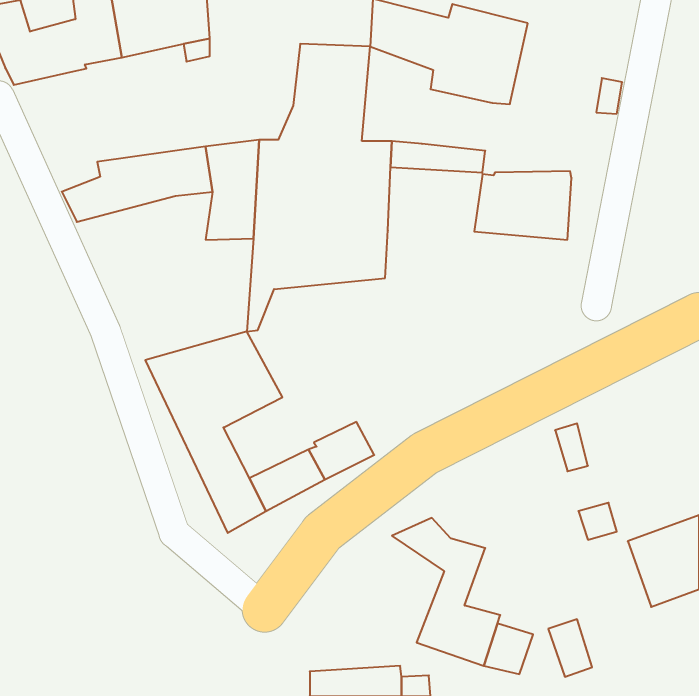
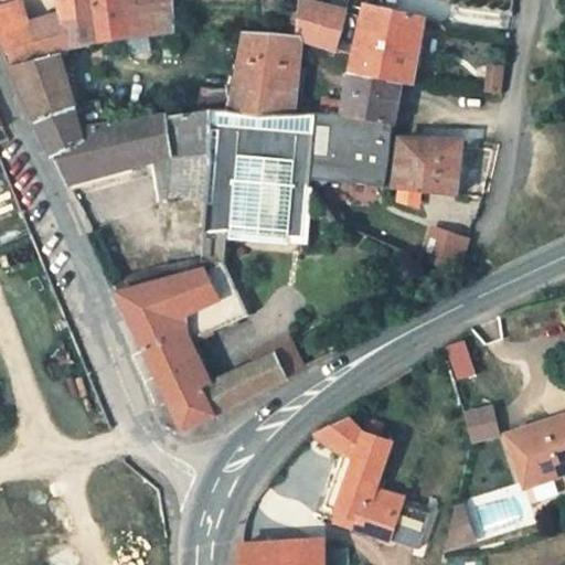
building: none -> [340,72,396,121]
building: none -> [19,74,81,154]
building: none -> [312,135,388,192]
building: none -> [423,226,468,270]

